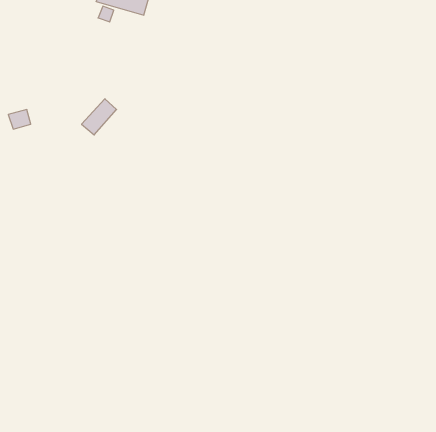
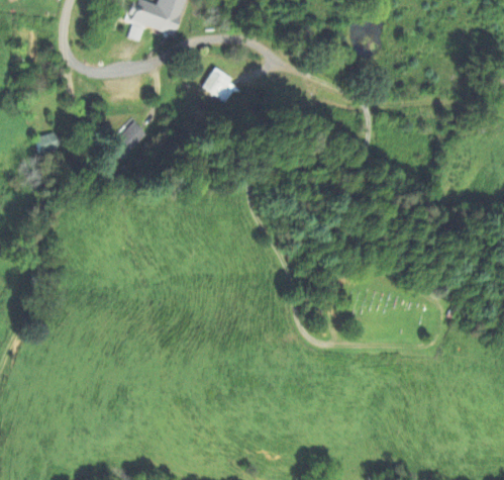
building: none -> [202,66,238,101]

